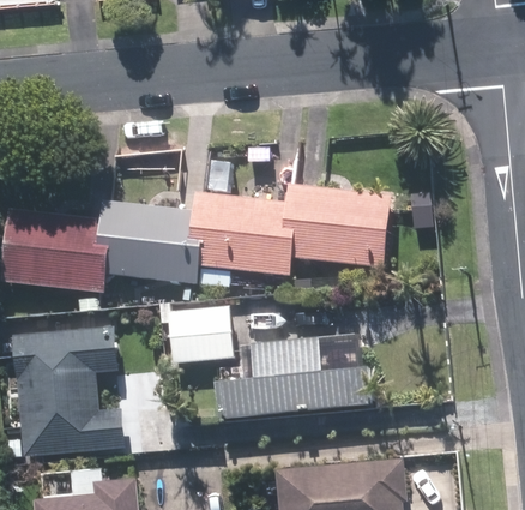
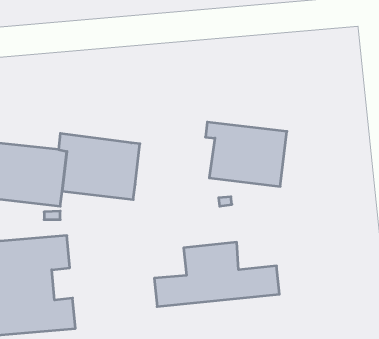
building: [187,193,292,276] -> none
building: [168,307,233,361] -> none

